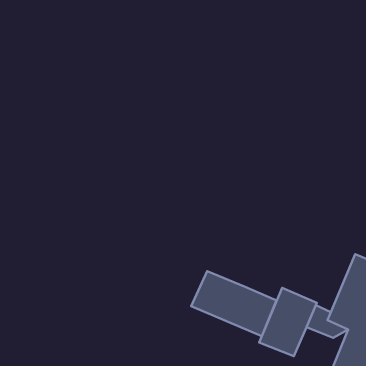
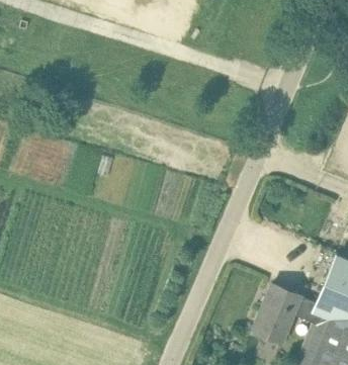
building: [191,271,277,336] -> none

